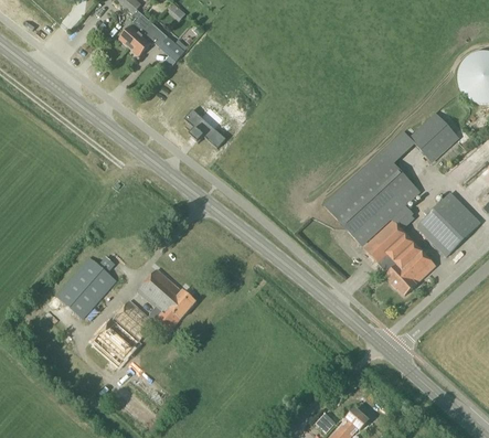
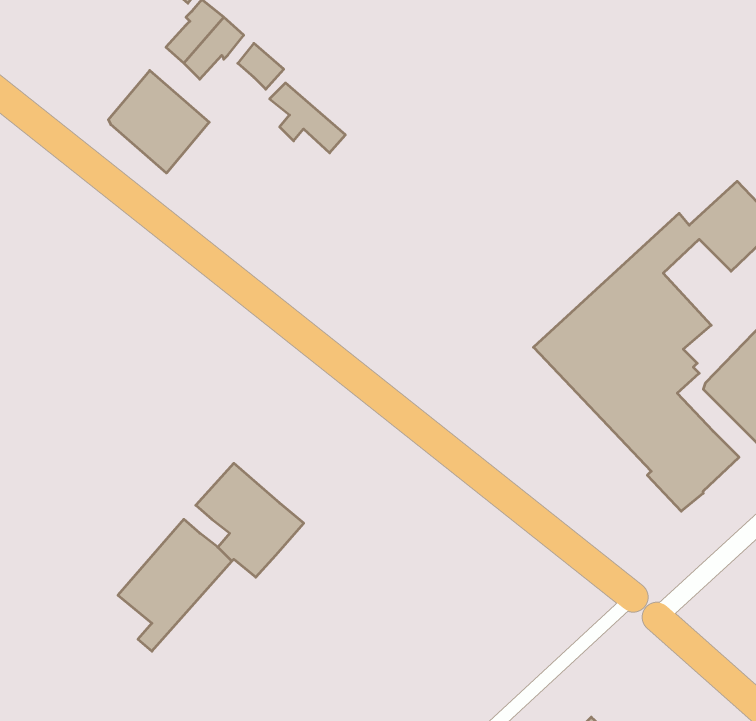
building: none -> [108,70,209,173]
building: [183,108,225,147] -> [270,83,345,153]
building: [55,255,117,318] -> none

